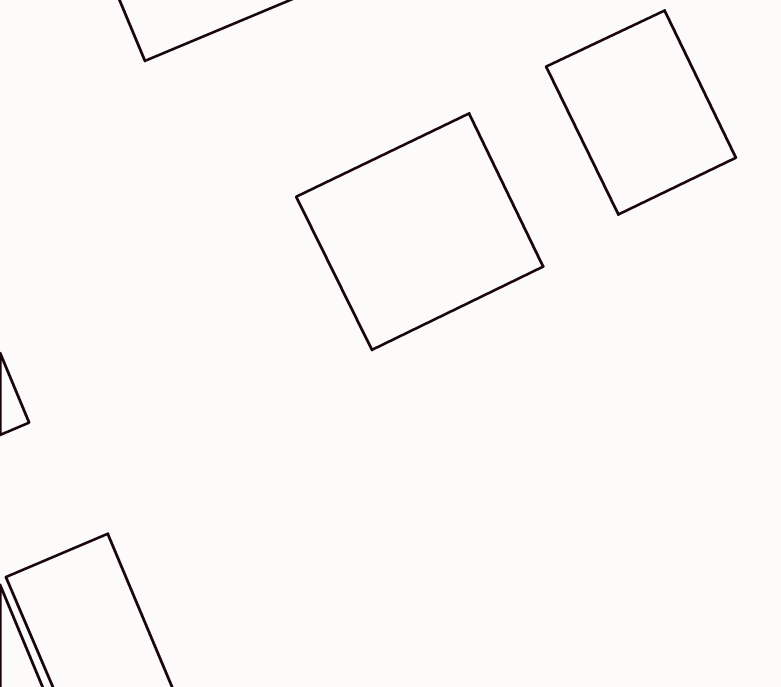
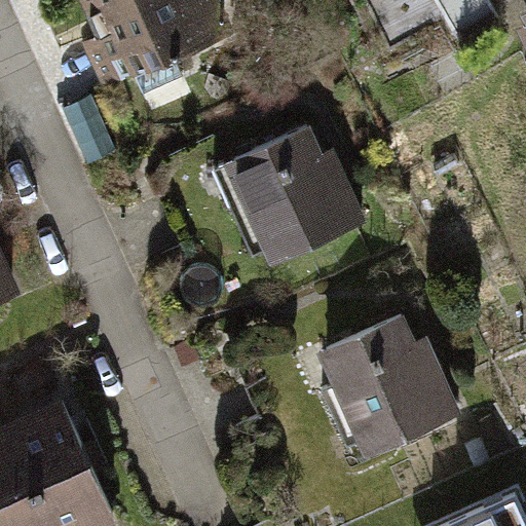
building: [546,10,736,215] -> none
building: none -> [307,310,455,454]

